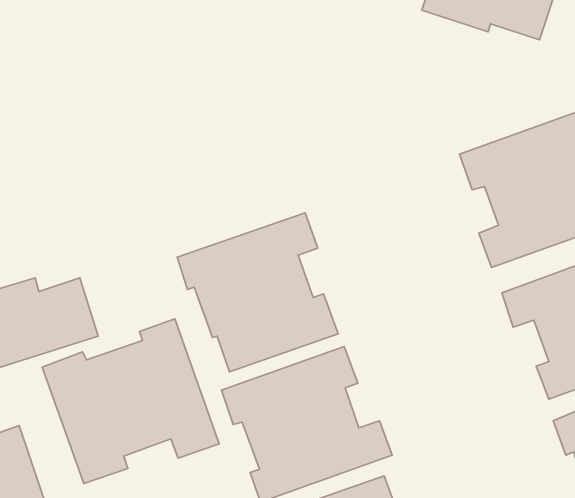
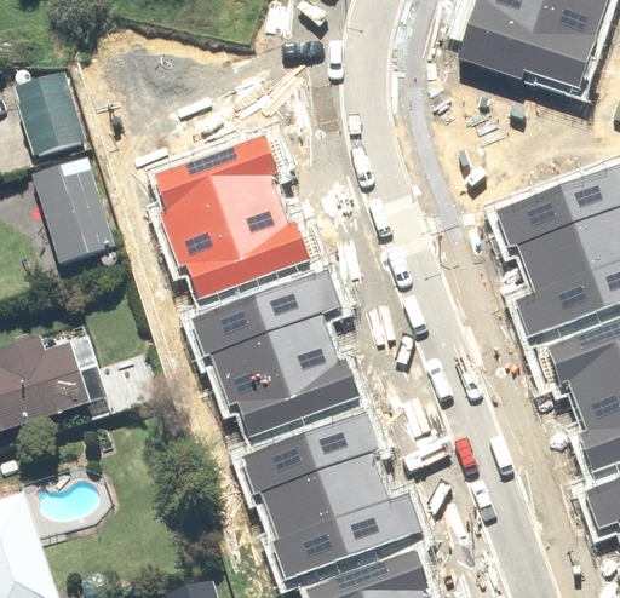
building: none -> [16,76,87,162]
building: none -> [153,134,306,295]
building: none -> [34,163,117,268]
building: [42,319,219,483] -> none

